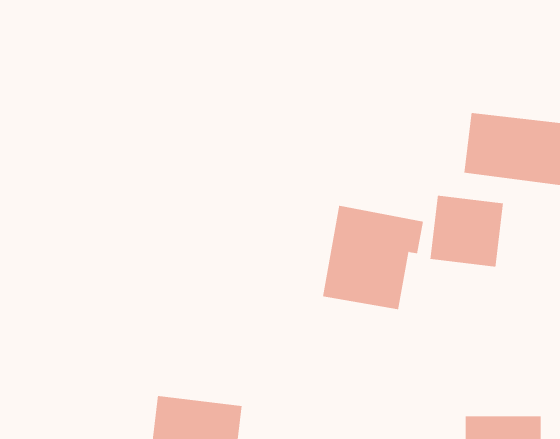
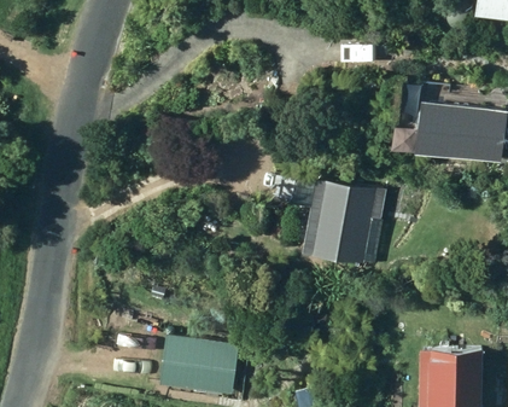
building: [430,195,503,267] -> none

